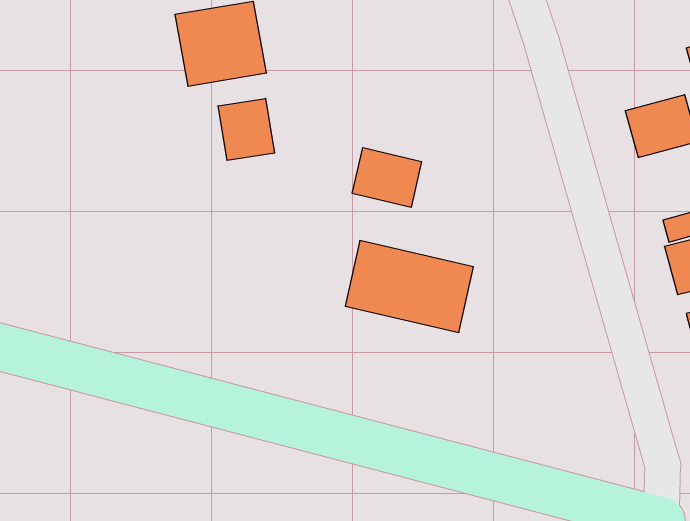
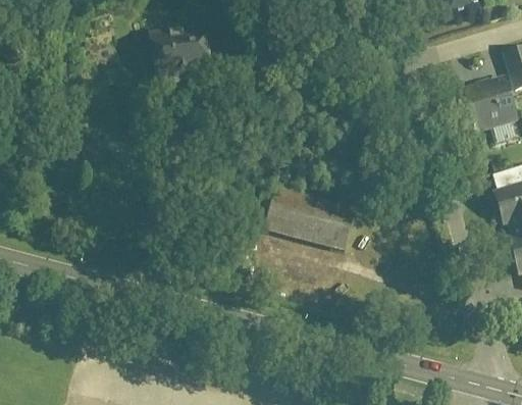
building: [218,98,275,160] -> none
building: [352,148,422,207] -> none

